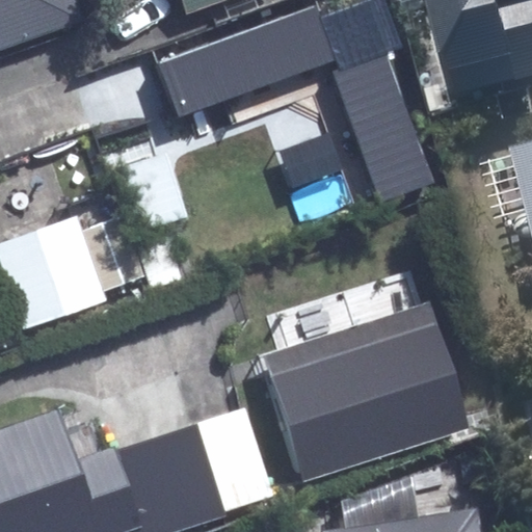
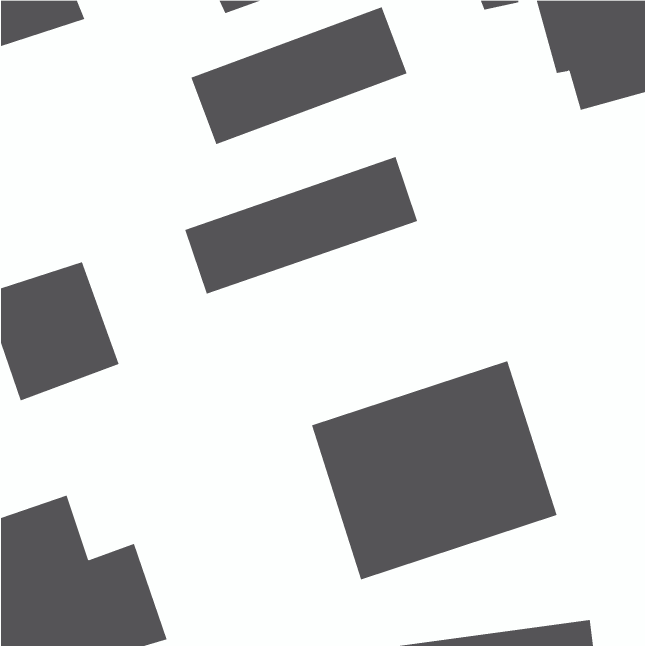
building: [337,53,438,205] -> none
building: none -> [185,156,418,295]
building: [139,404,265,525] -> none

